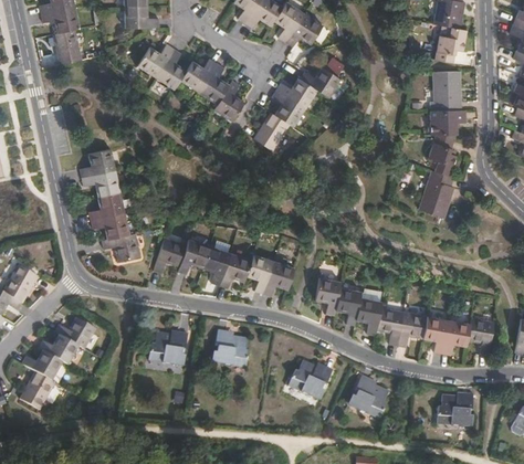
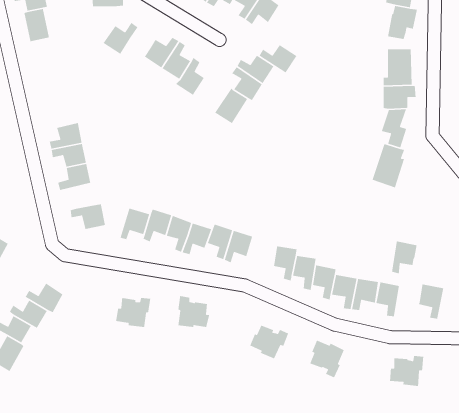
building: [155,49,186,89] -> none
building: [91,212,128,239] -> none
building: [442,319,470,355] -> [391,241,417,274]

